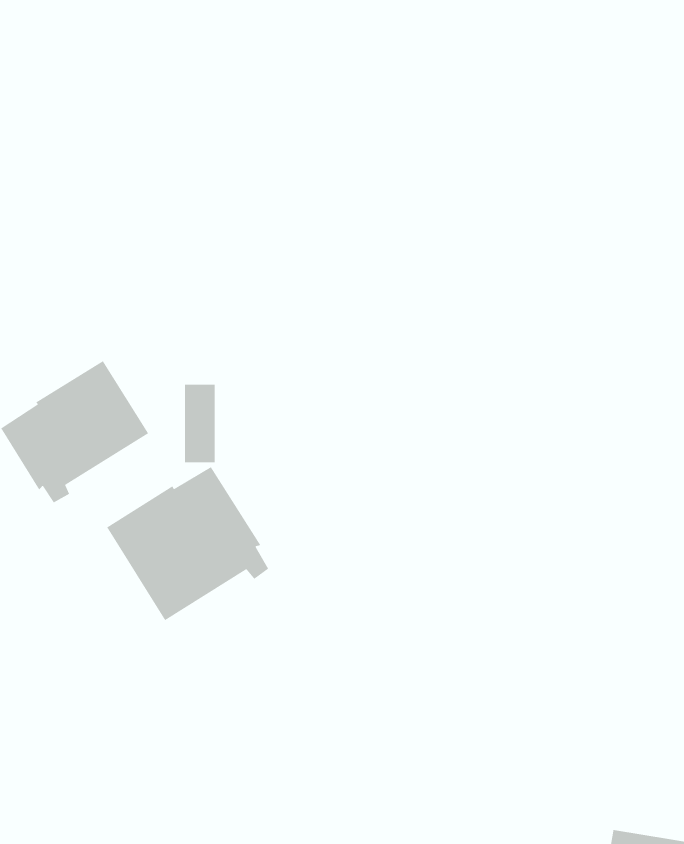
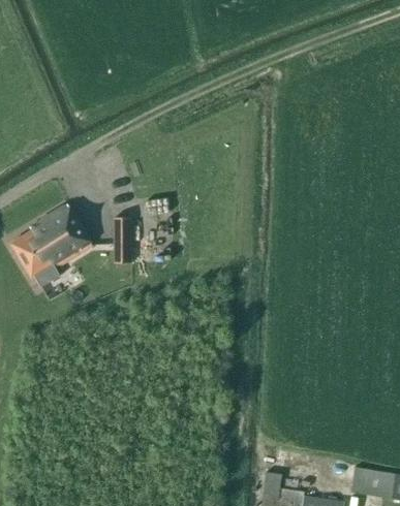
building: [106,466,269,621] -> none

